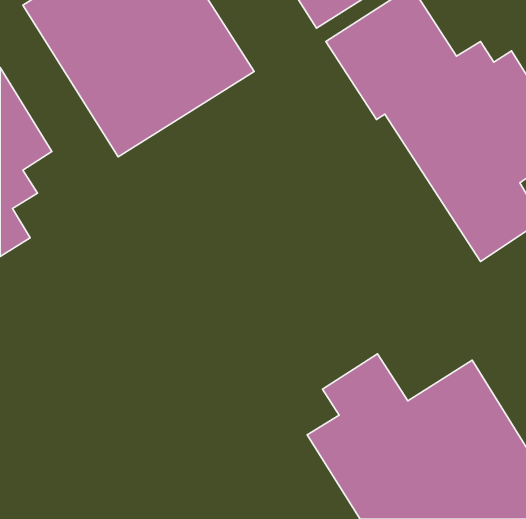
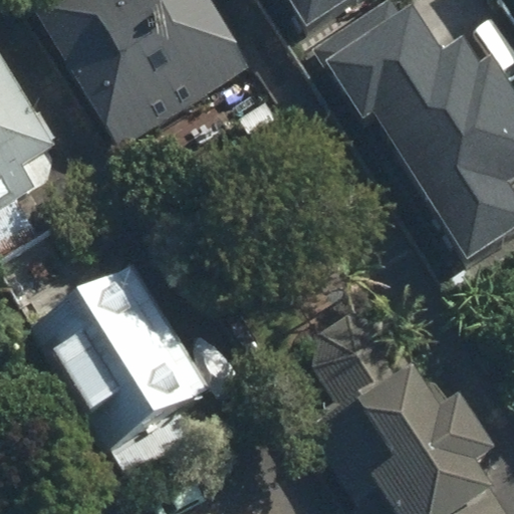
building: none -> [21,265,206,457]

